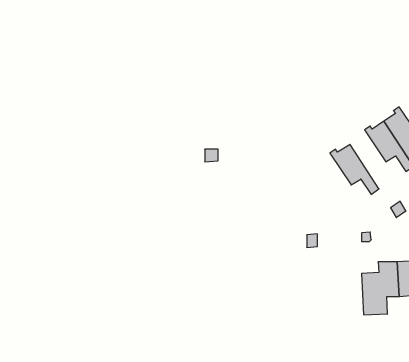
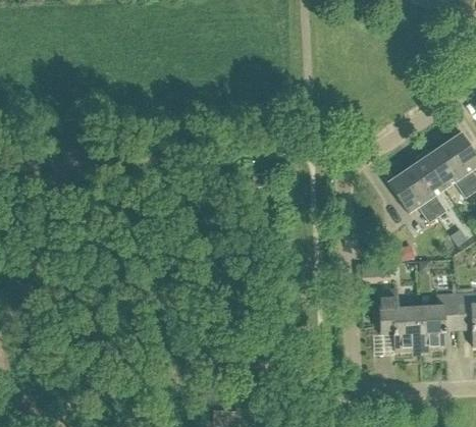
building: none -> [407,153,446,215]
building: none -> [378,296,421,350]

